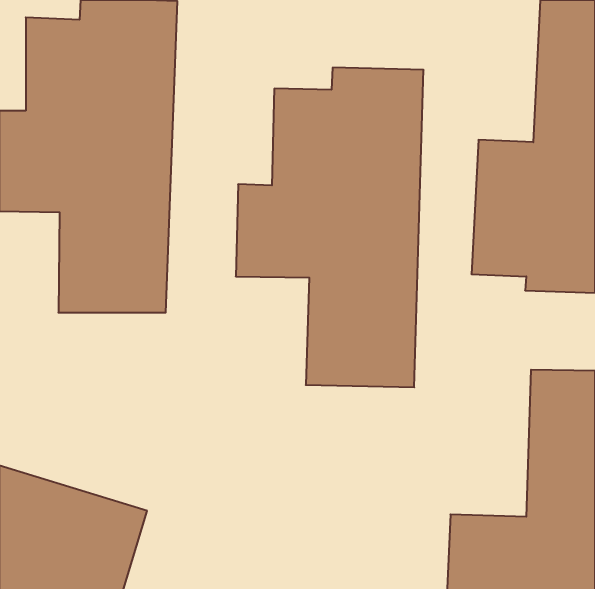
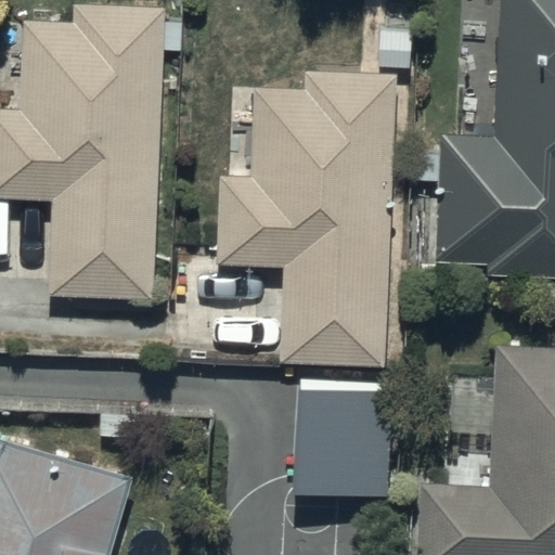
building: none -> [295,384,392,495]

